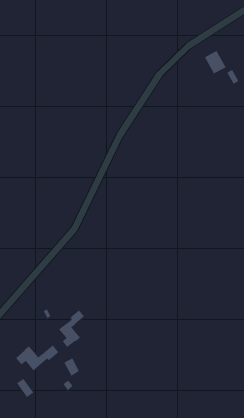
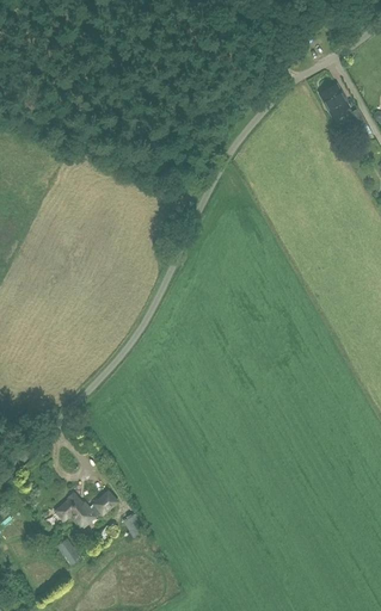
building: [58,310,85,348] -> none

